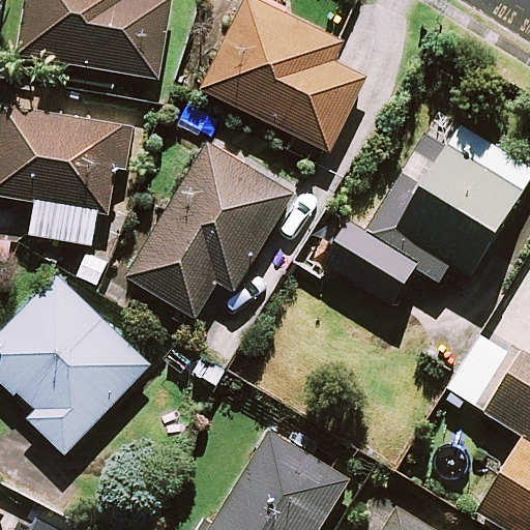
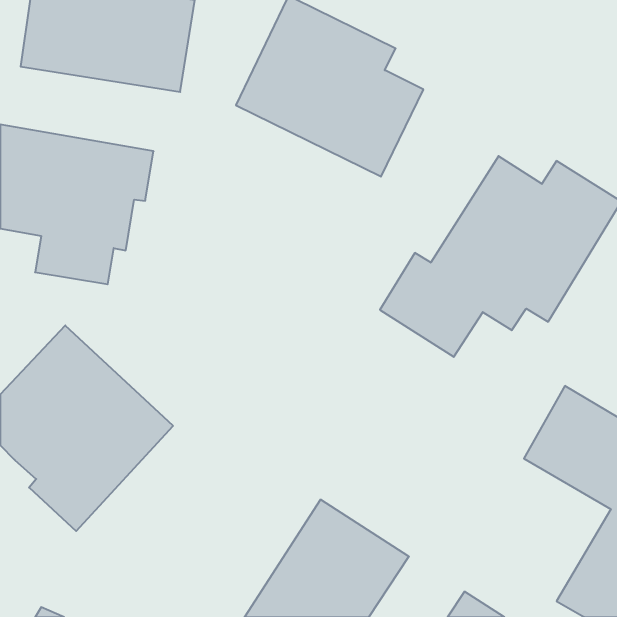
building: [111,143,291,317] -> none

